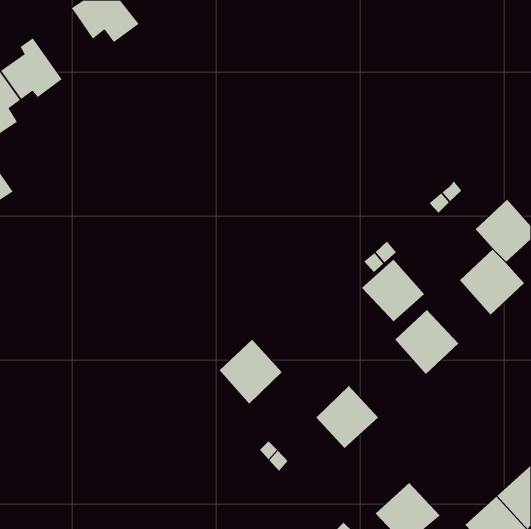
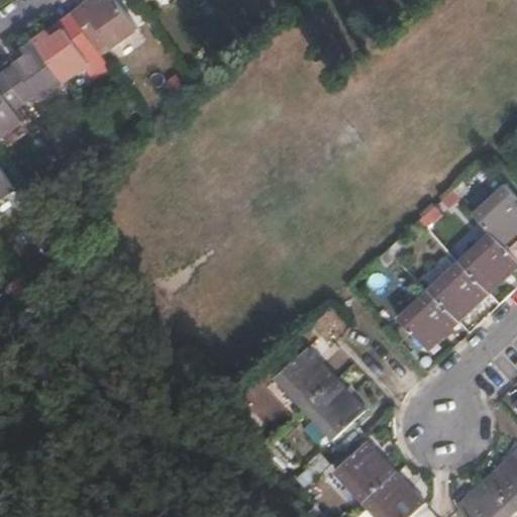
building: none -> [32,18,94,80]
building: [361,259,425,322] -> [414,275,476,336]
building: [219,339,282,404] -> [277,344,338,408]
building: none -> [334,438,397,501]

